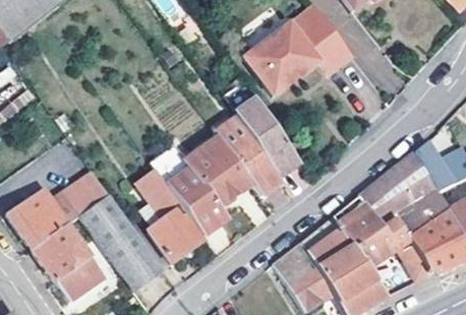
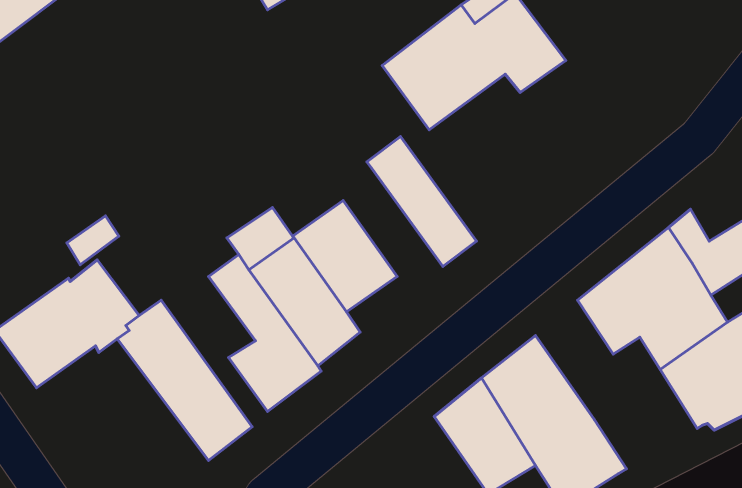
building: [213,117,279,196] -> none
building: [333,196,430,280] -> none
building: [32,224,105,303] -> none

